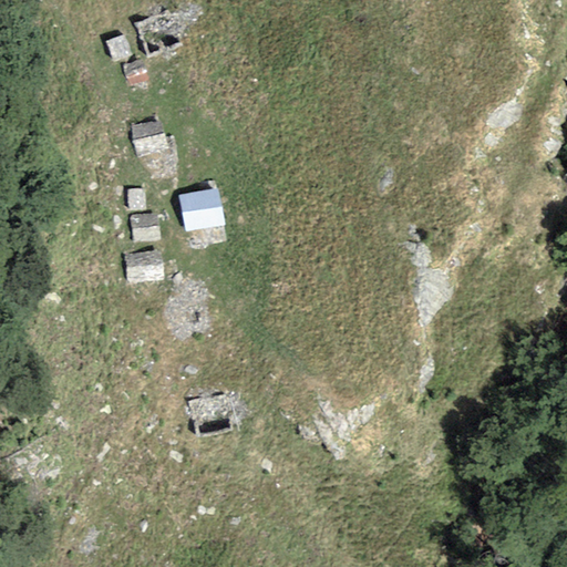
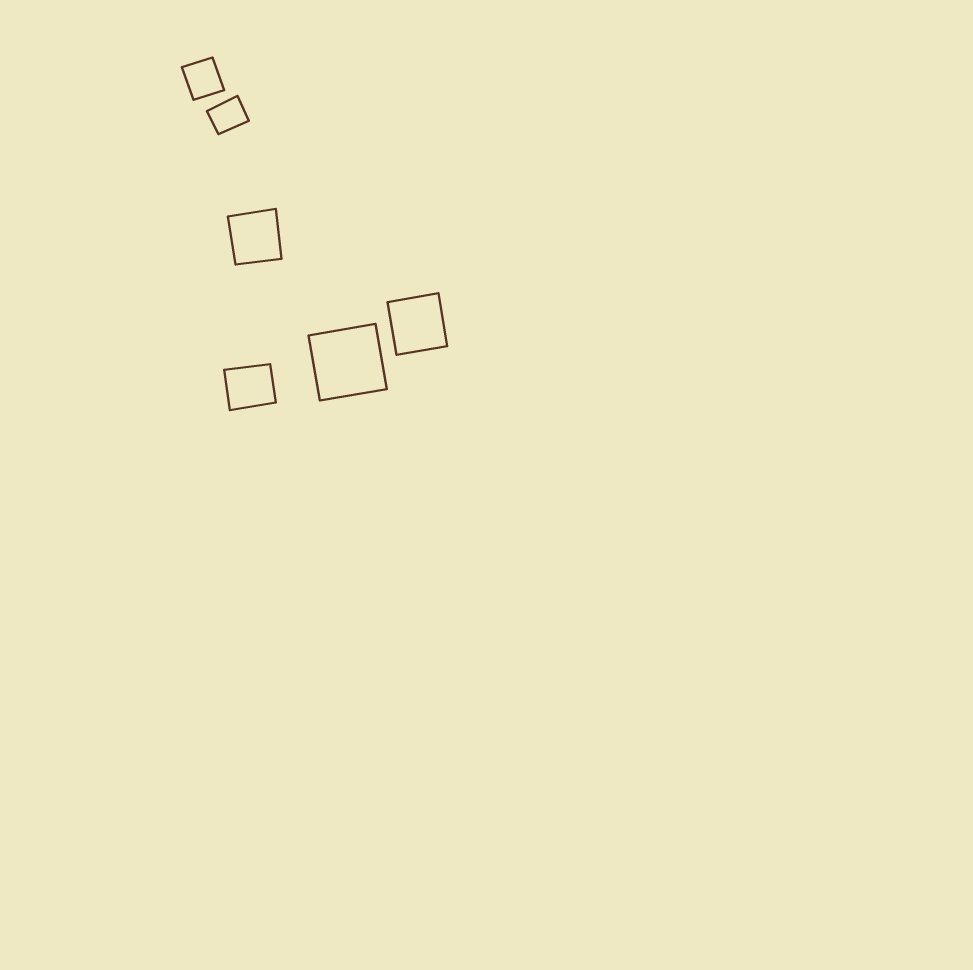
building: none -> [388,293,447,355]
building: [126,249,162,282] -> none

